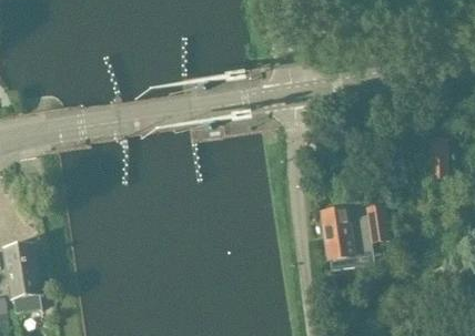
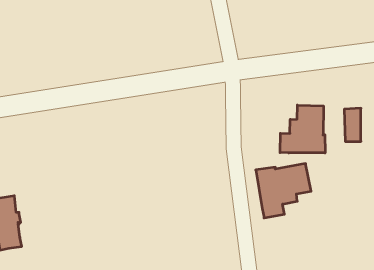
building: none -> [280,105,325,153]

